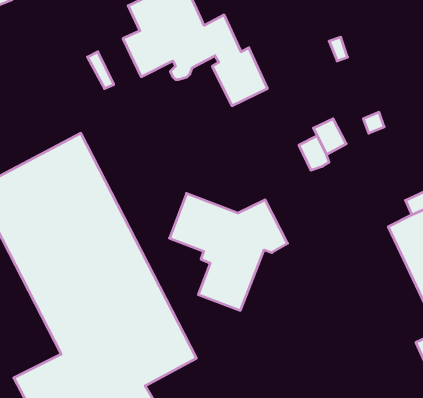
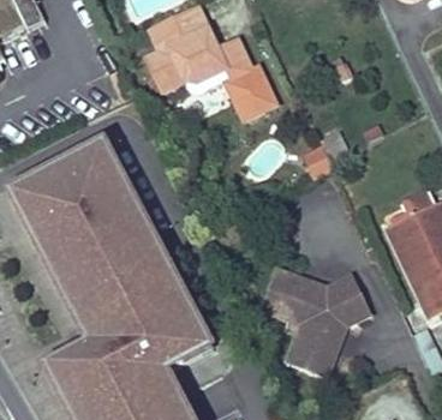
building: [169,193,288,310] -> [262,270,370,377]

